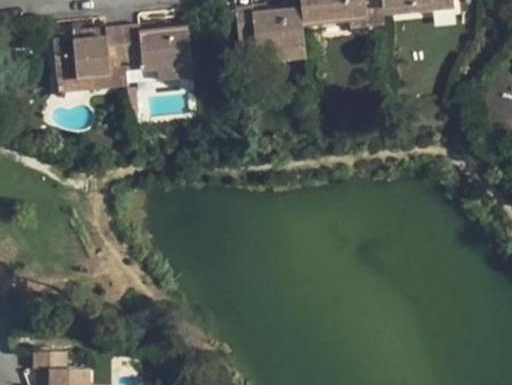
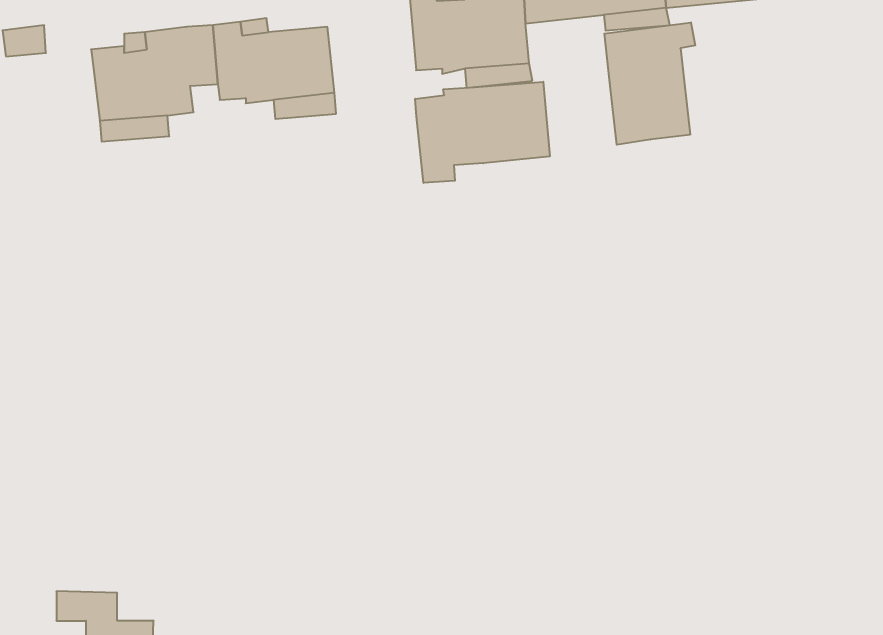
building: none -> [604,22,695,145]
building: none -> [415,82,550,183]

